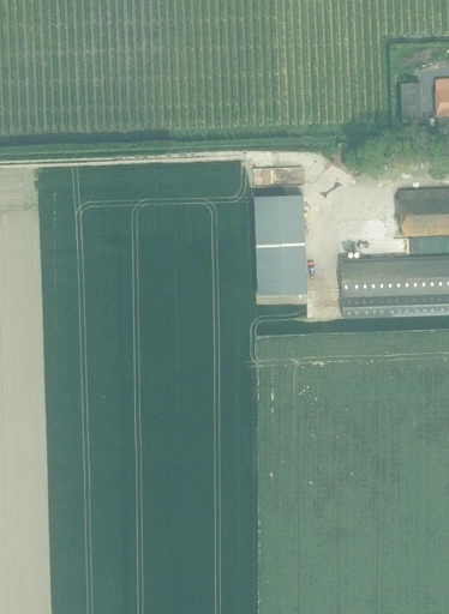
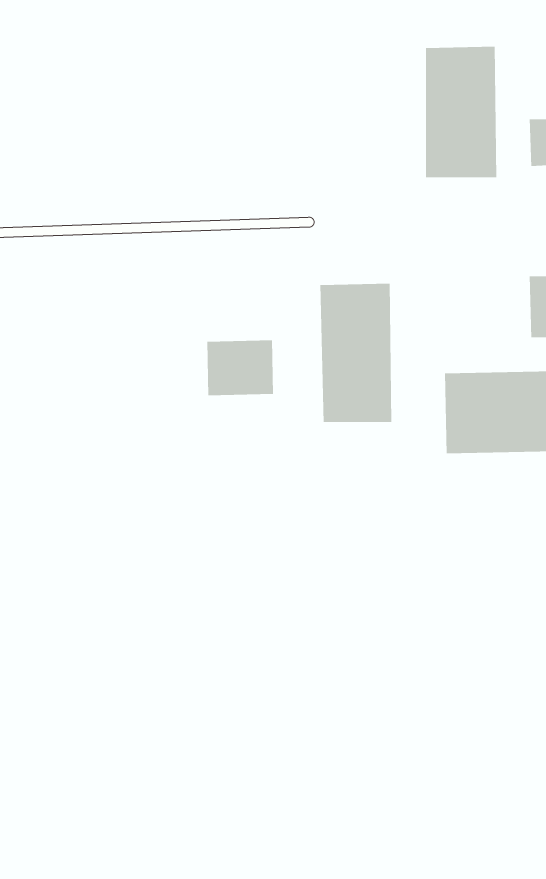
building: none -> [425,46,497,178]
building: none -> [207,340,274,396]

